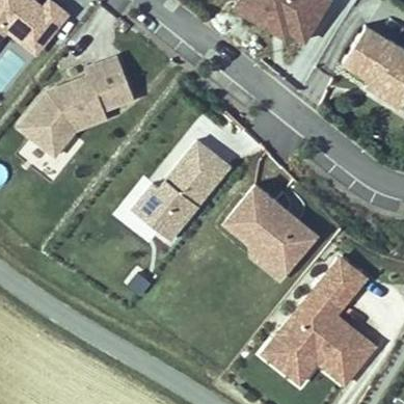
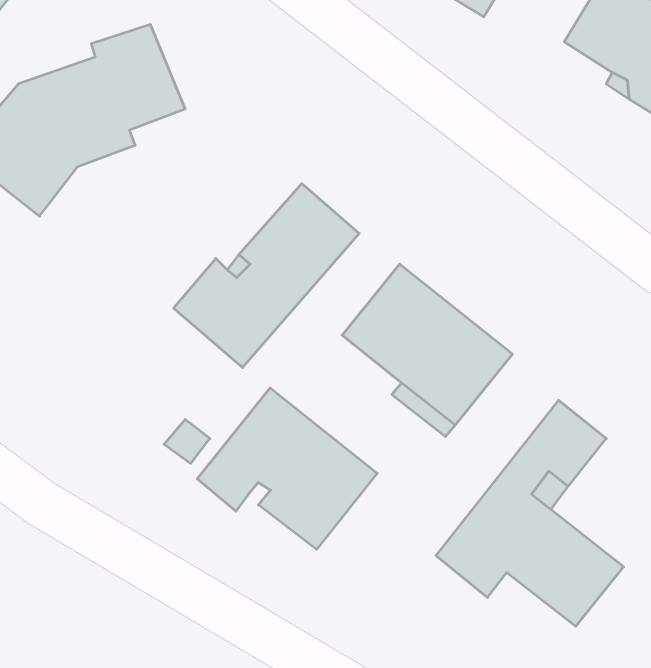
building: none -> [197,388,377,549]
building: [263,342,349,385] -> none

